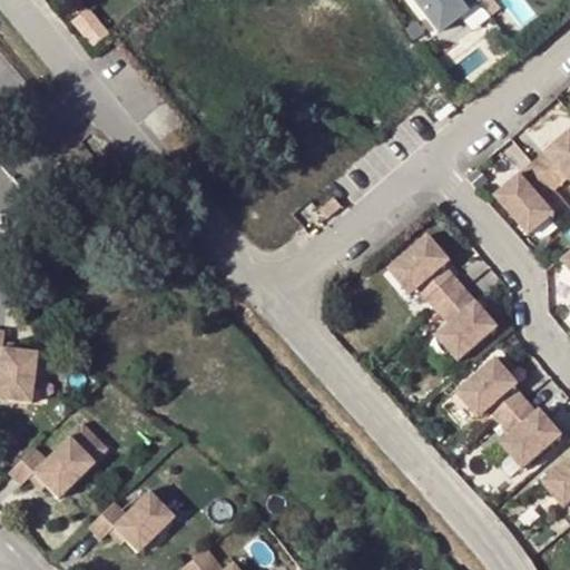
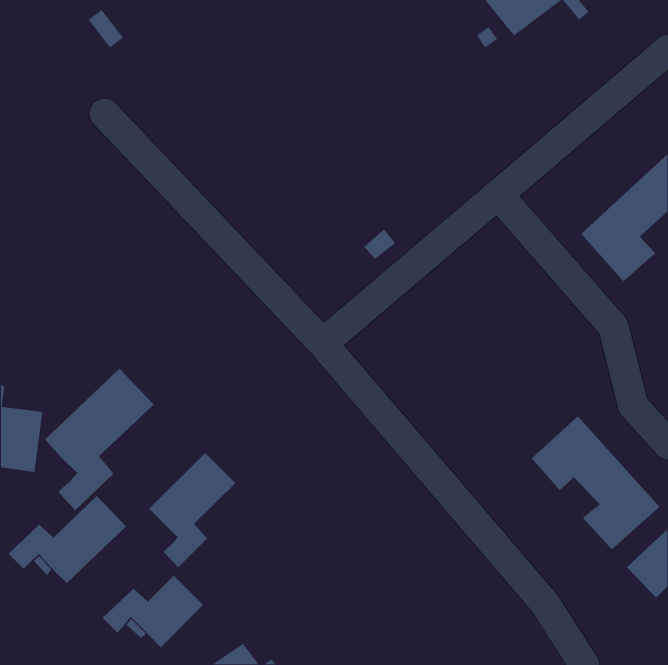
building: [387,230,500,360] -> none
building: none -> [44,368,155,511]
building: none -> [148,452,236,568]

